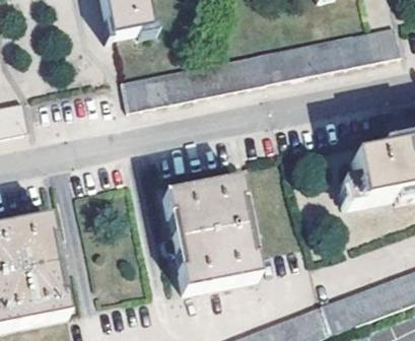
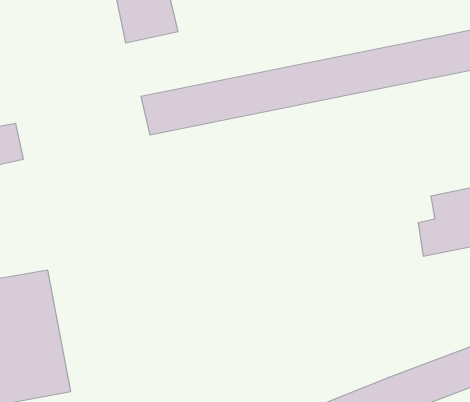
building: [155,181,264,295] -> none

